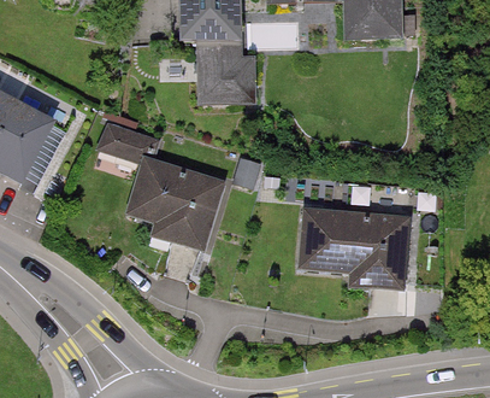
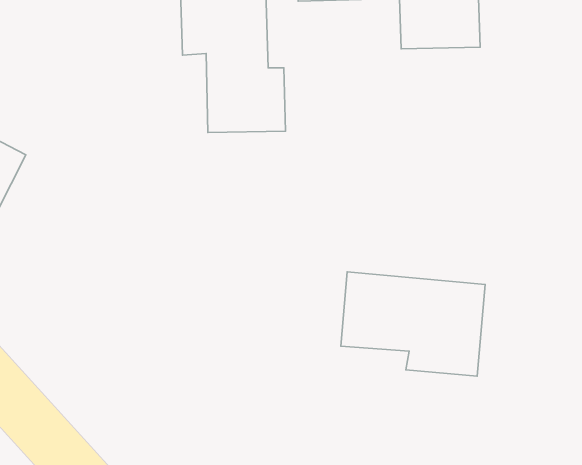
building: [98,118,228,251] -> none

